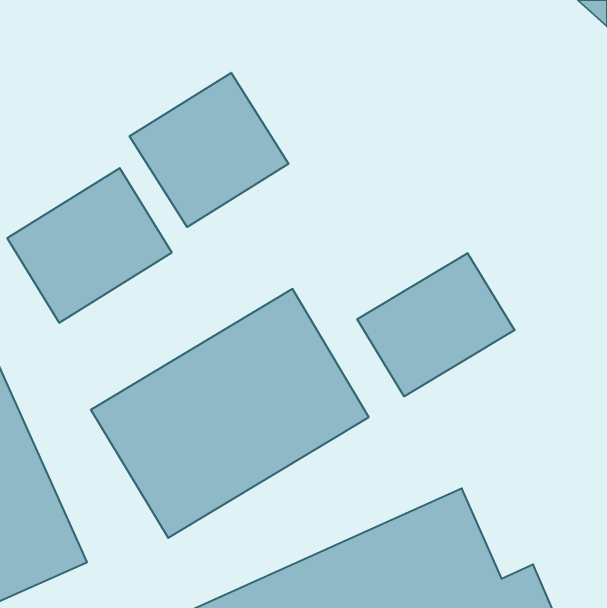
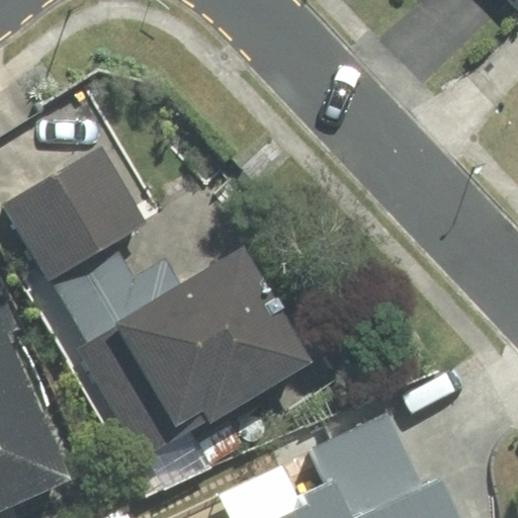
building: [130,73,289,227] -> none
building: [357,253,515,396] -> none

